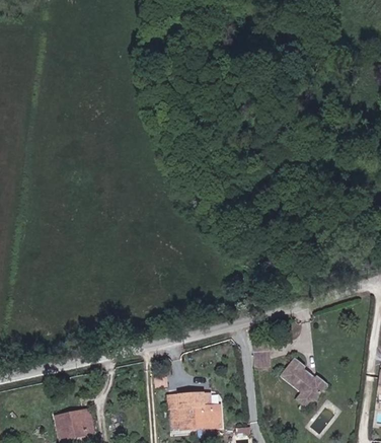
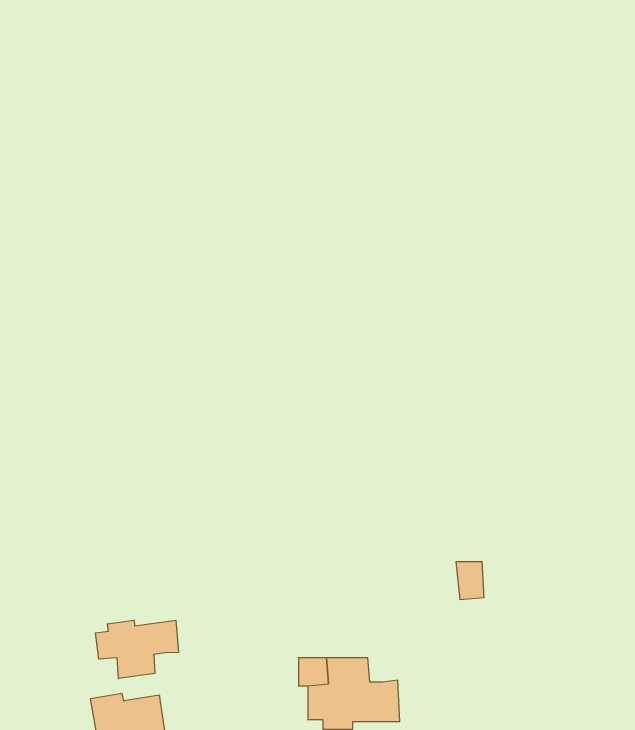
building: [281,355,328,407] -> none
building: none -> [95,620,179,679]

